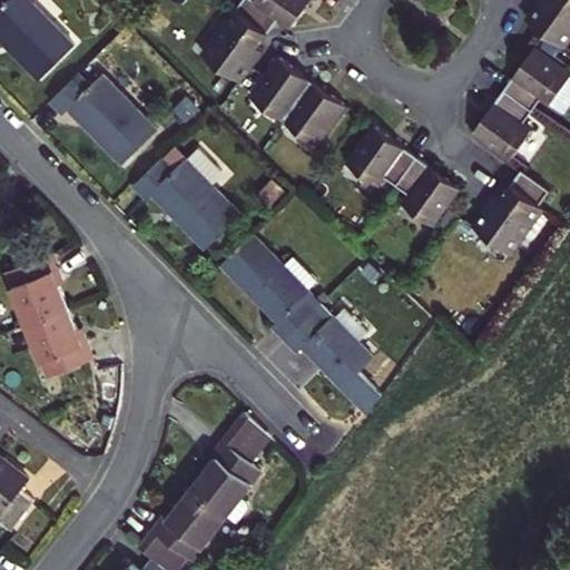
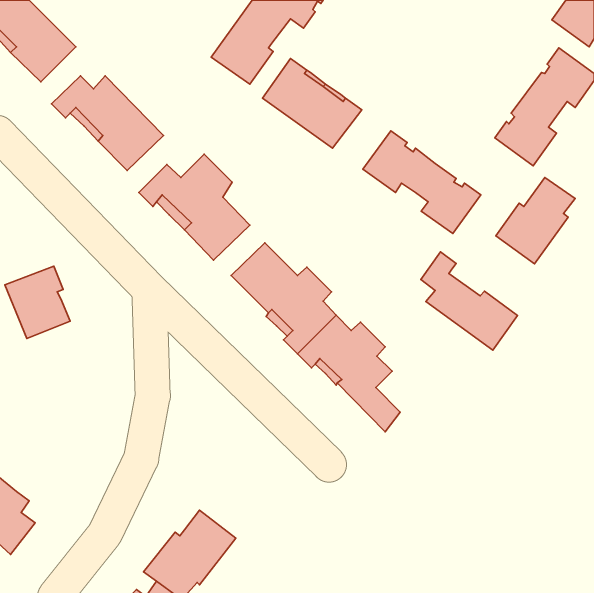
building: none -> [421,252,518,350]
building: [26,309,92,379] -> none
building: [190,411,269,524] -> none

